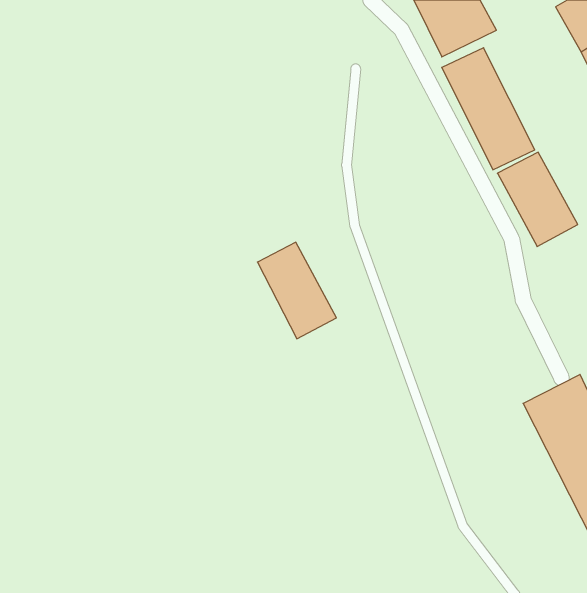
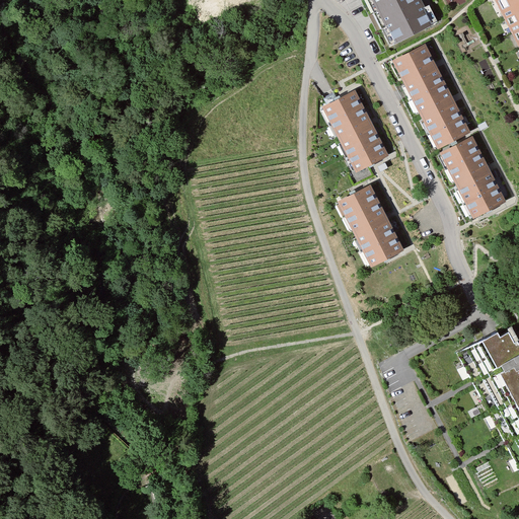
building: none -> [320,88,388,171]
building: [257,242,336,339] -> [339,182,407,267]

